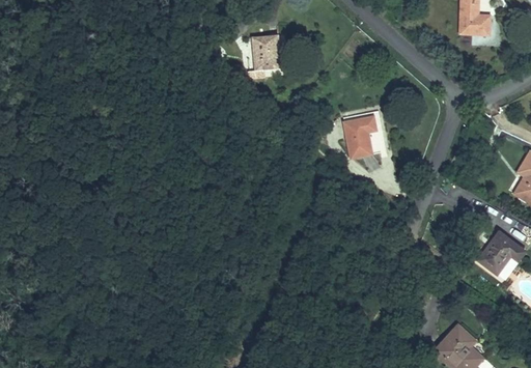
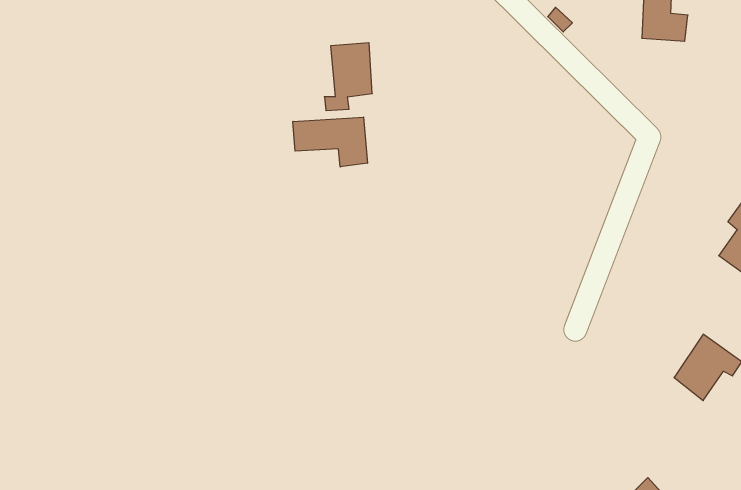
building: none -> [293,117,367,167]
building: [340,121,370,163] -> none

